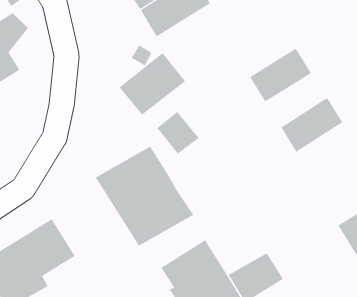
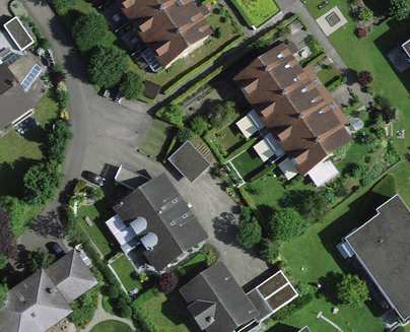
building: none -> [238,48,298,102]
building: [119,52,186,115] -> none
building: none -> [271,94,331,148]

